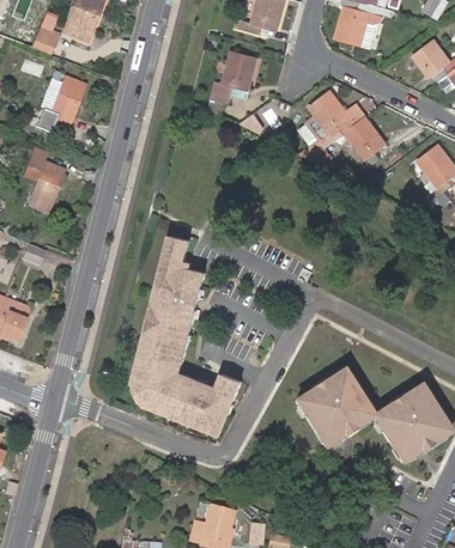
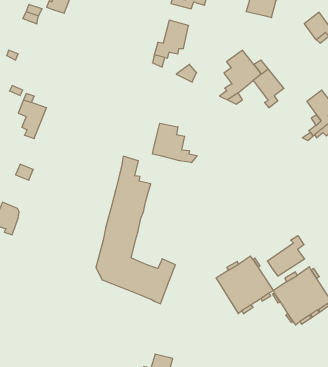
building: [51,78,84,127] -> none
building: none -> [153,123,197,163]
building: none -> [267,236,305,276]

